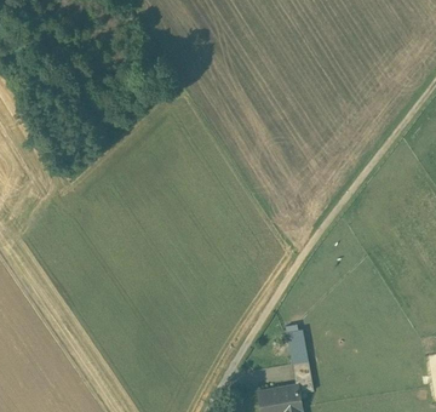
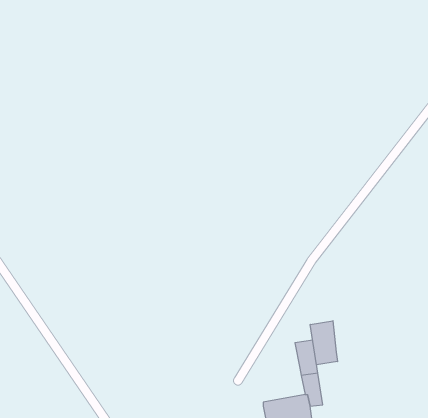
building: none -> [310,321,338,365]

